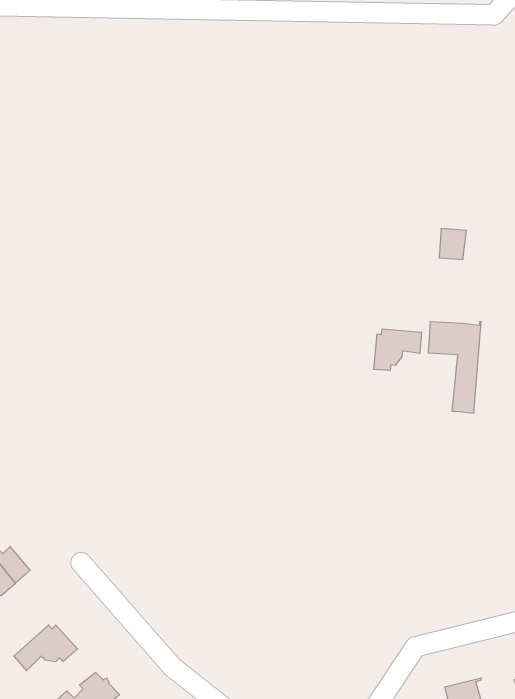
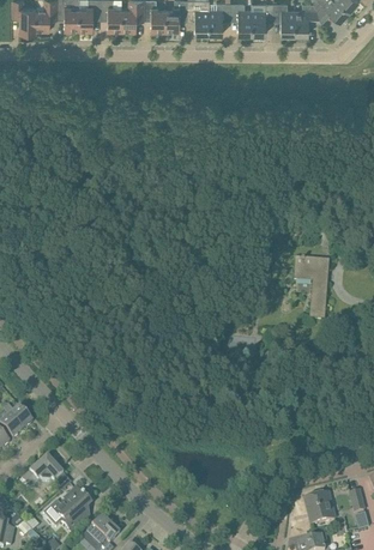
building: [374,329,421,371] -> none

